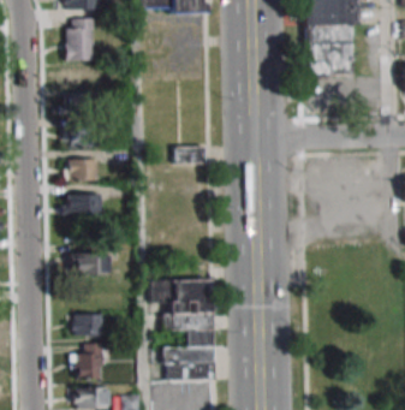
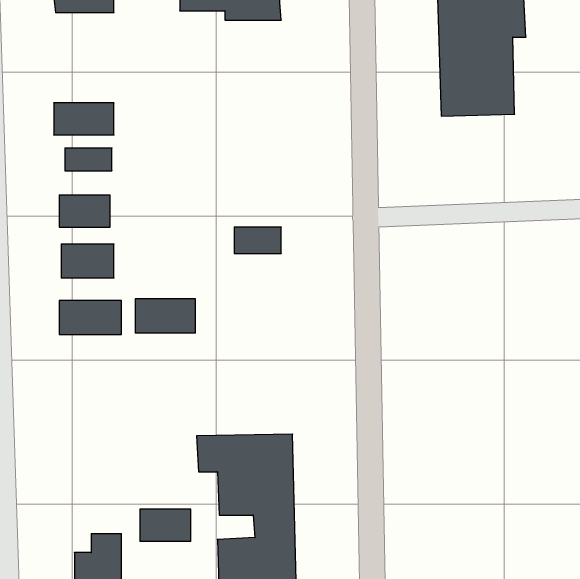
building: [65,19,94,63] -> none
building: [71,254,109,275] -> [135,299,195,333]
building: [72,315,105,335] -> [140,509,191,541]

